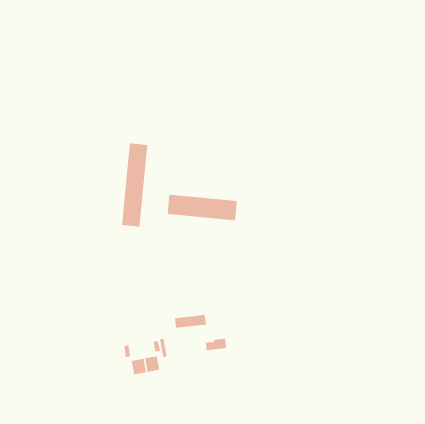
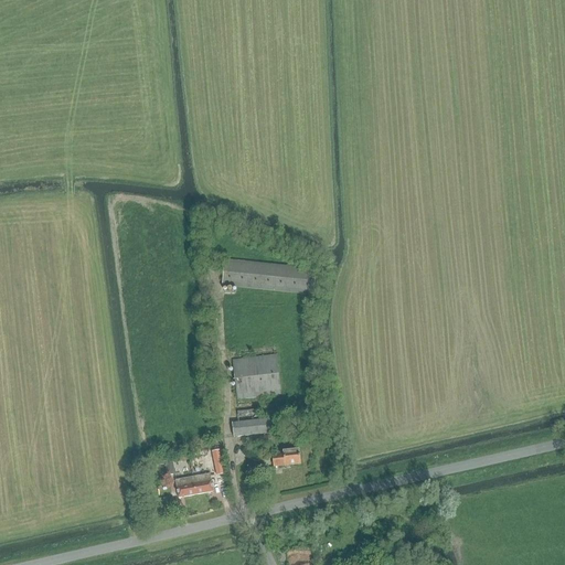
building: [121,142,148,228] -> none
building: none -> [232,352,280,397]

